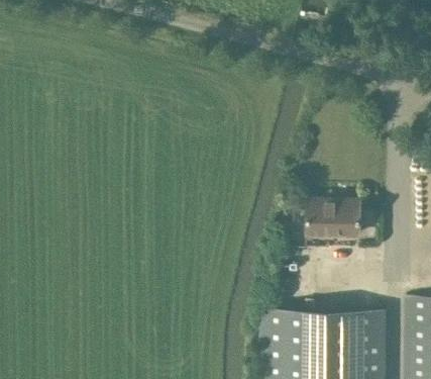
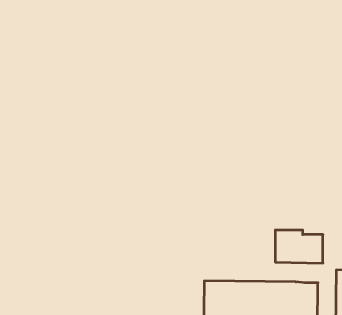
building: [307,201,359,238] -> [275,230,323,263]

